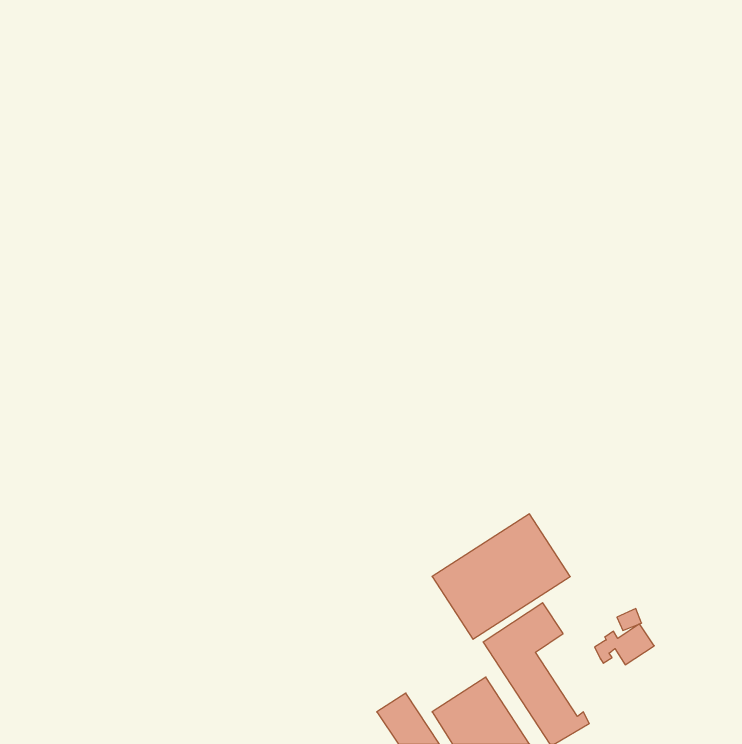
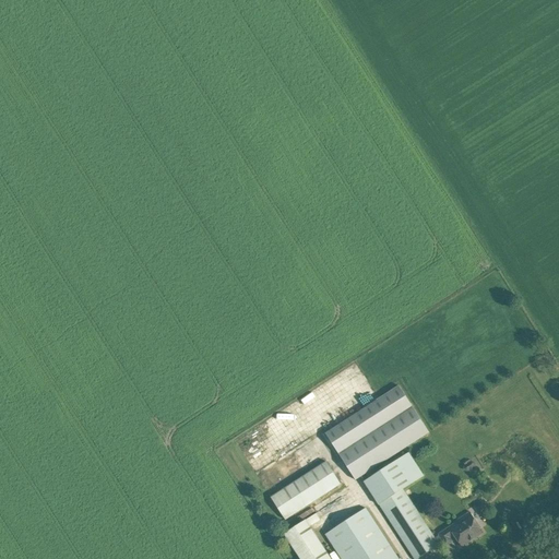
building: none -> [270,461,340,520]
building: [595,624,654,665] -> [438,516,483,547]

